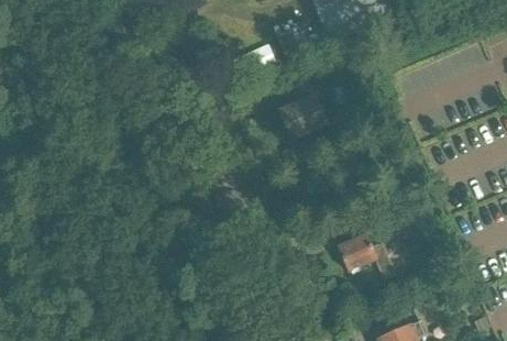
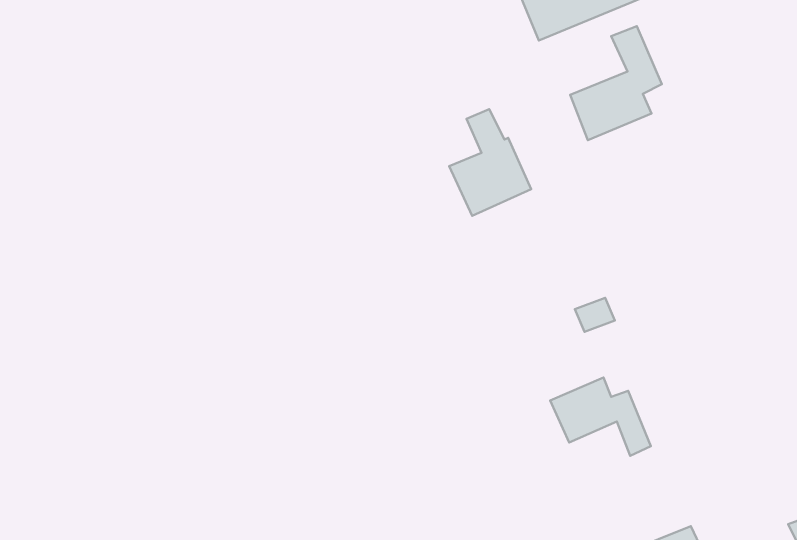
building: none -> [570,26,662,140]

